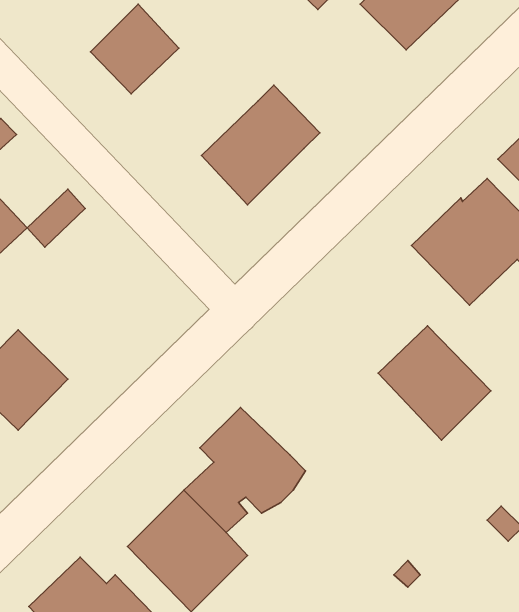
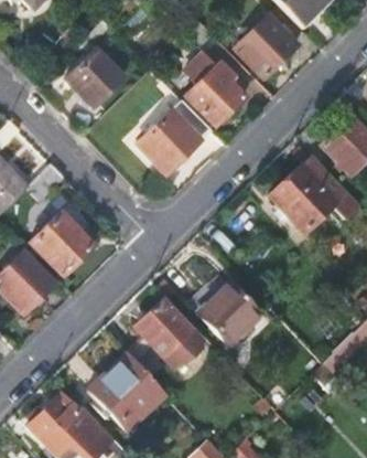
building: none -> [187,58,245,127]
building: none -> [32,216,91,275]
building: [378,326,491,440] -> [188,274,259,345]

